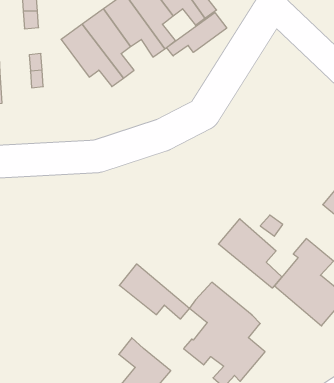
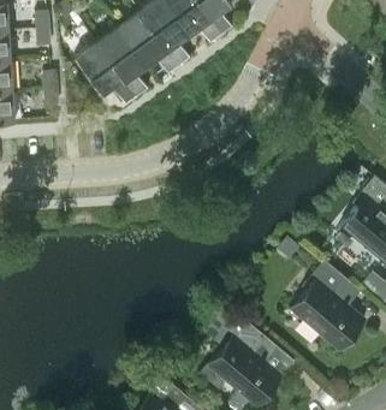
building: [167,13,227,56] -> none
building: [218,219,282,288] -> none
building: [119,264,190,319] -> none

